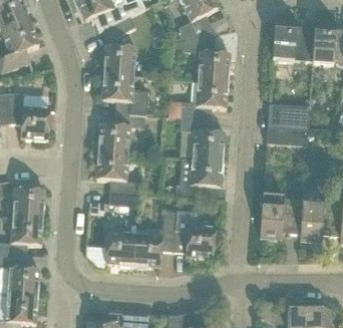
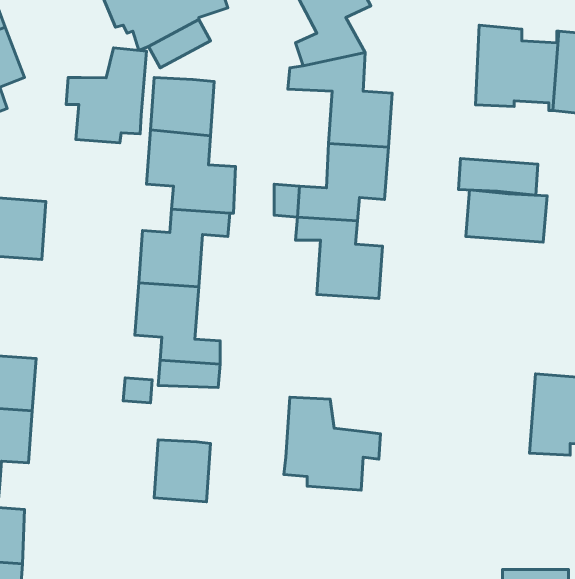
building: none -> [66,48,146,143]
building: [267,127,308,146] -> [459,158,538,195]
building: [175,157,223,199] -> none
building: [260,196,304,240] -> none
building: [133,210,177,267] -> none

